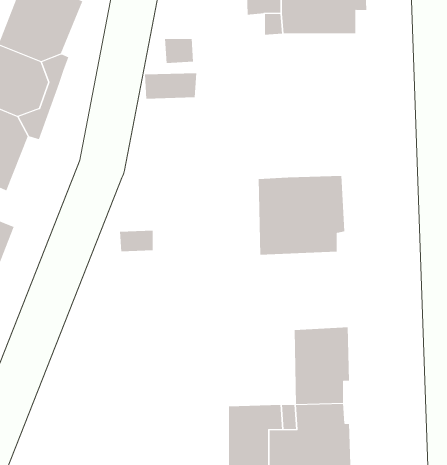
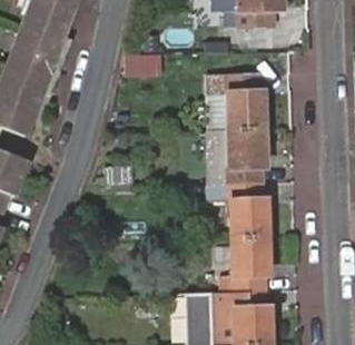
building: none -> [207,71,265,128]
building: none -> [206,181,269,237]

